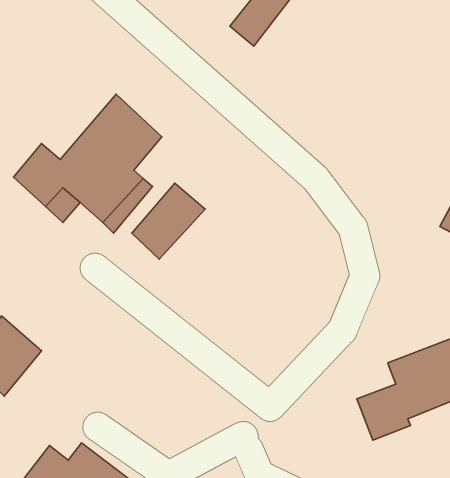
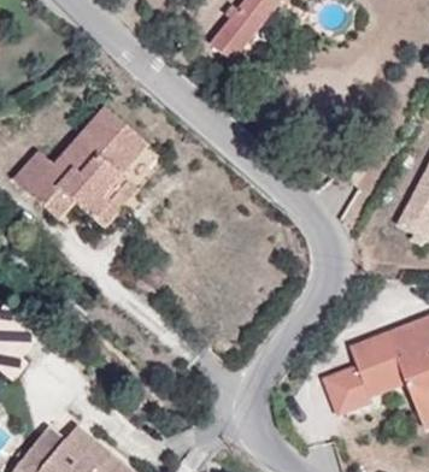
building: [132,183,205,259] -> none

